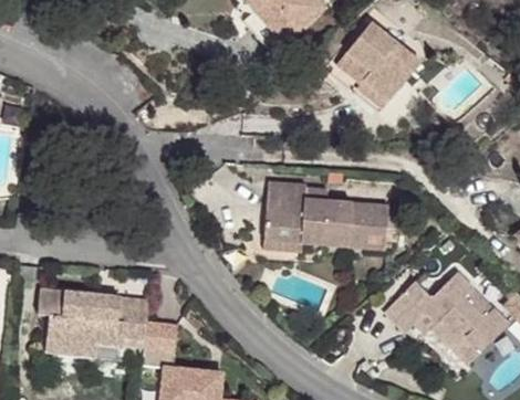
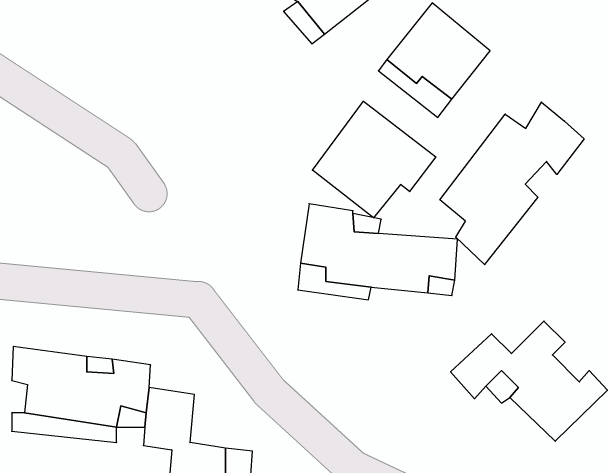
building: none -> [312,101,436,218]
building: none -> [440,102,584,265]

